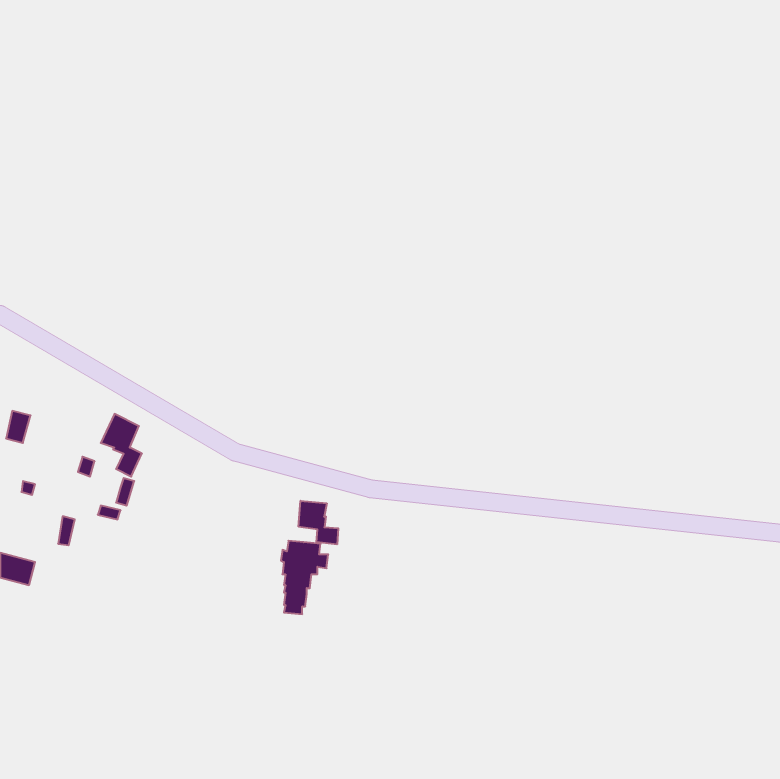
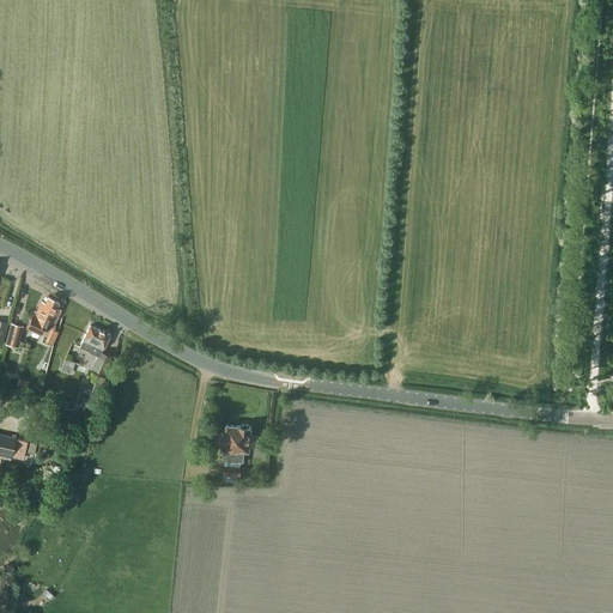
building: none -> [25,297,60,335]
building: [299,501,338,544] -> none

